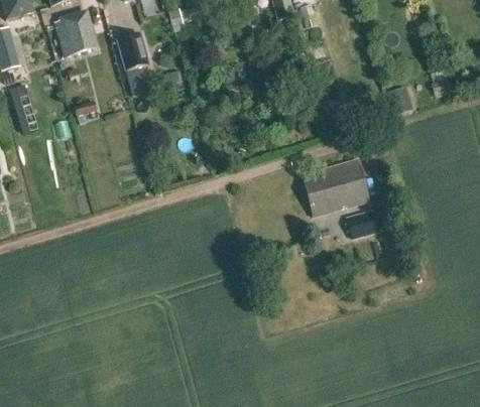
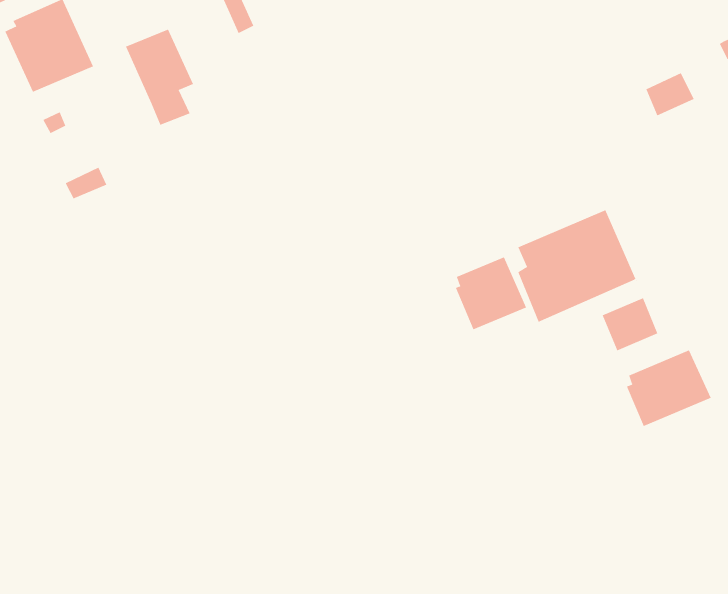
building: none -> [455,257,527,330]
building: none -> [626,350,712,427]

